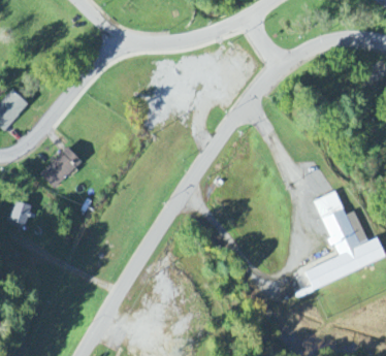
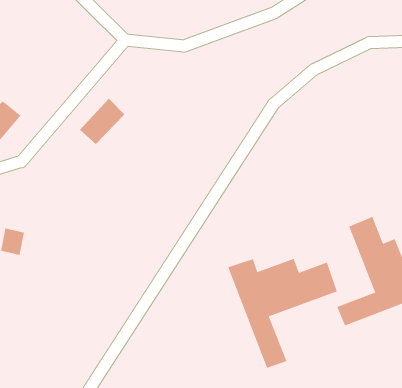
building: [41,145,82,187] -> [79,98,125,145]
building: none -> [227,258,338,369]

